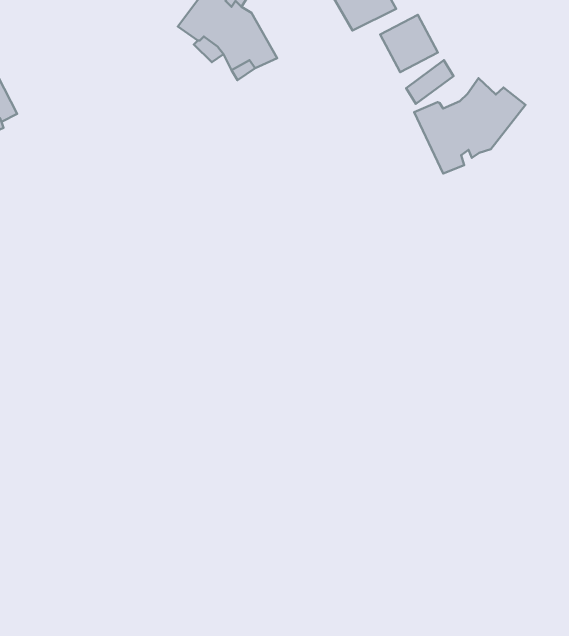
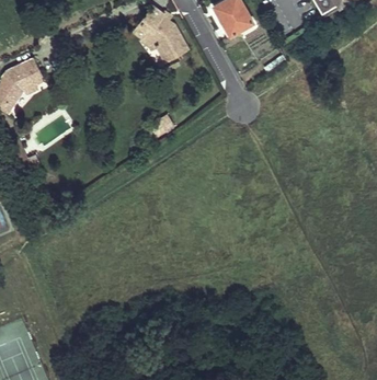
building: [414,78,525,173] -> none

